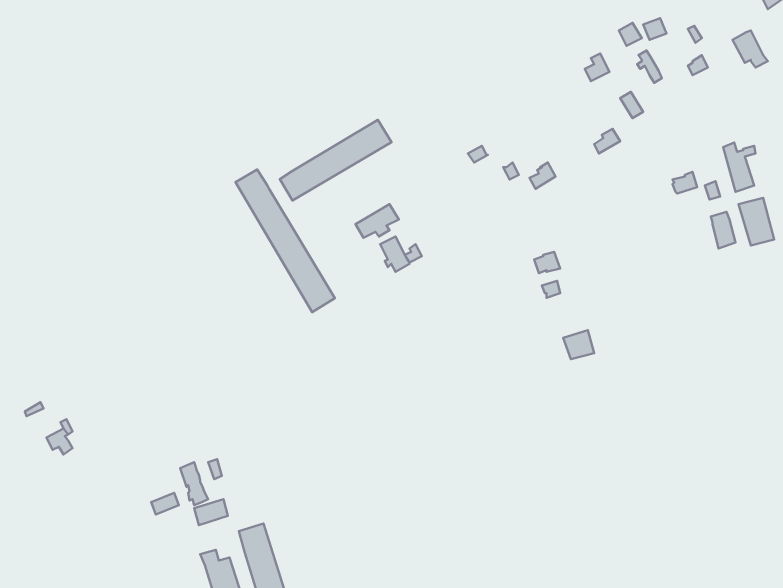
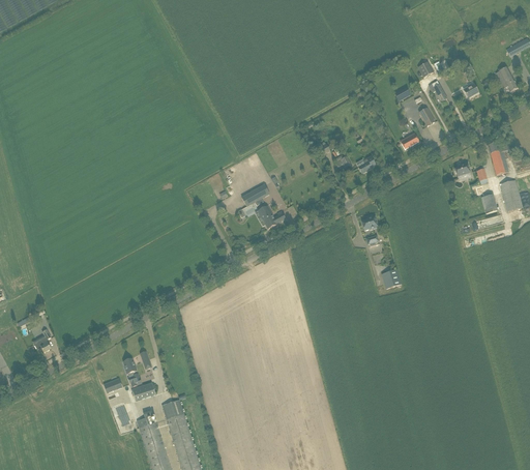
building: [280,120,392,200] -> none
building: [235,169,335,312] -> none

